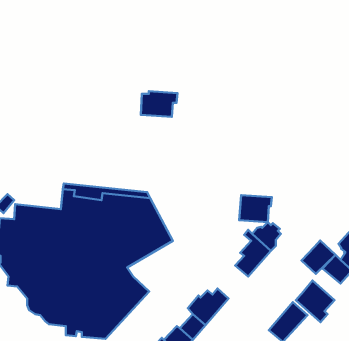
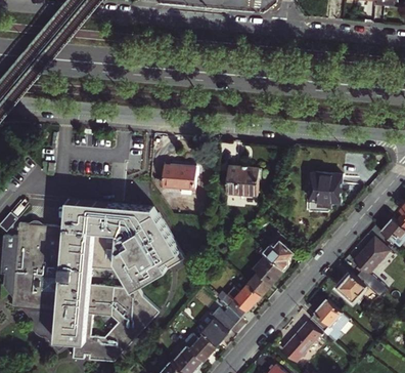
building: [141,91,178,117] -> [163,164,200,191]
building: none -> [309,174,342,209]
building: [239,195,272,222] -> [226,168,260,196]
building: [301,240,335,274] -> none
building: none -> [220,285,260,319]

